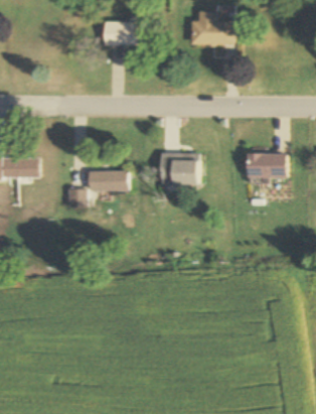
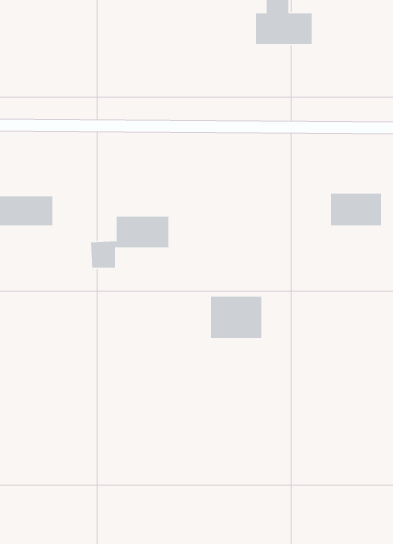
building: [105,21,139,44] -> none
building: [160,153,198,184] -> [210,296,262,338]

